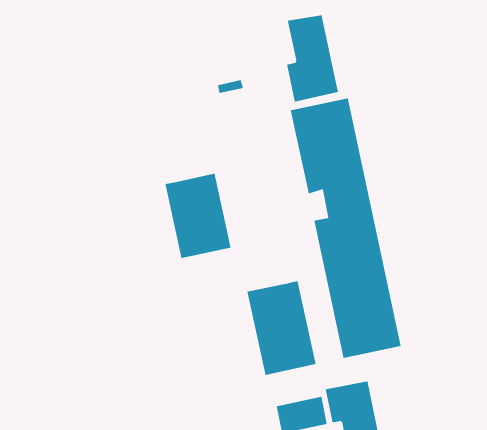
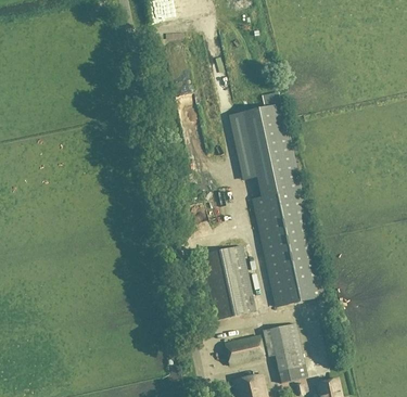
building: [287,15,339,103] -> none
building: [165,173,231,259] -> none

